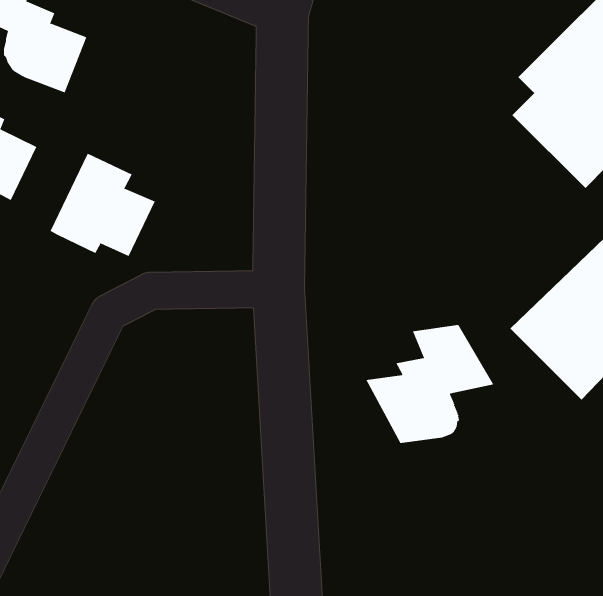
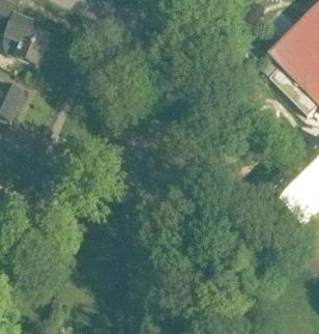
building: [50,153,156,257] -> none
building: [366,324,494,444] -> none

